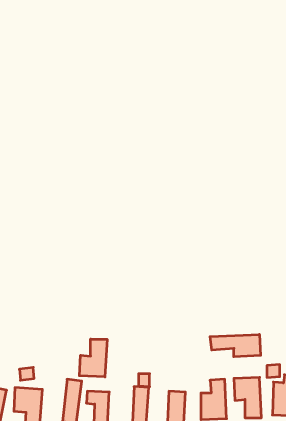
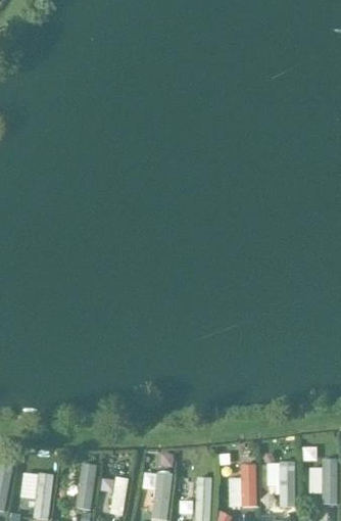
building: [210,334,261,357] -> none
building: [79,339,107,377] -> none

